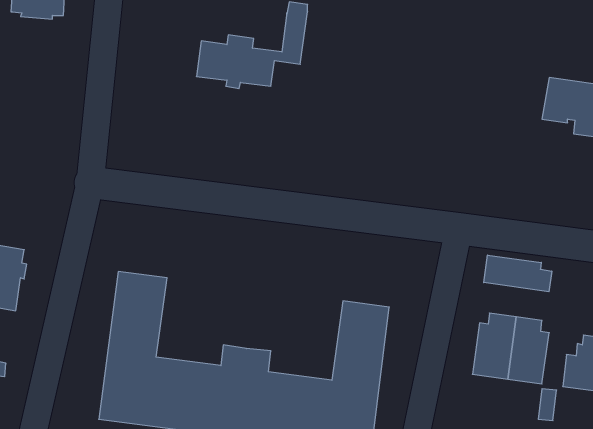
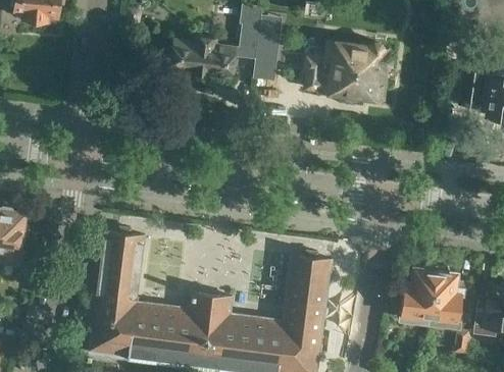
building: none -> [255,14,283,68]
building: none -> [305,40,388,101]
building: [484,255,552,292] -> none

